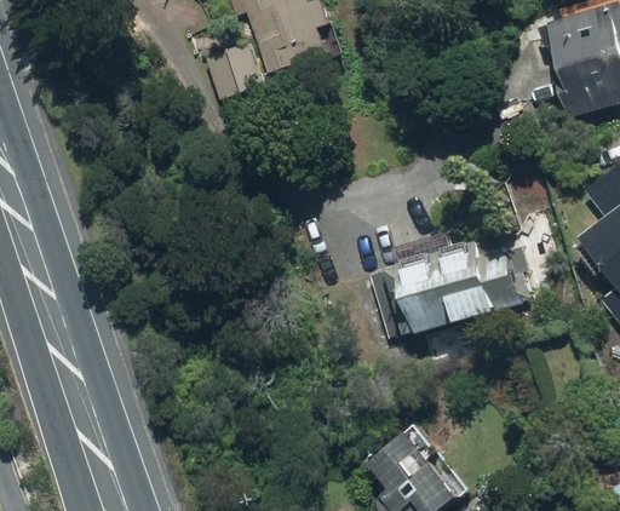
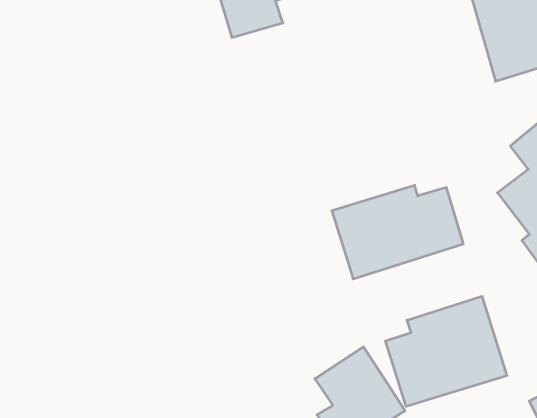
building: [207,38,263,92] -> none
building: none -> [385,296,507,406]

